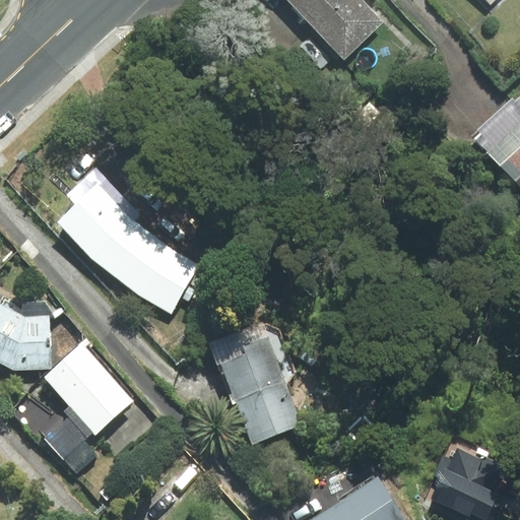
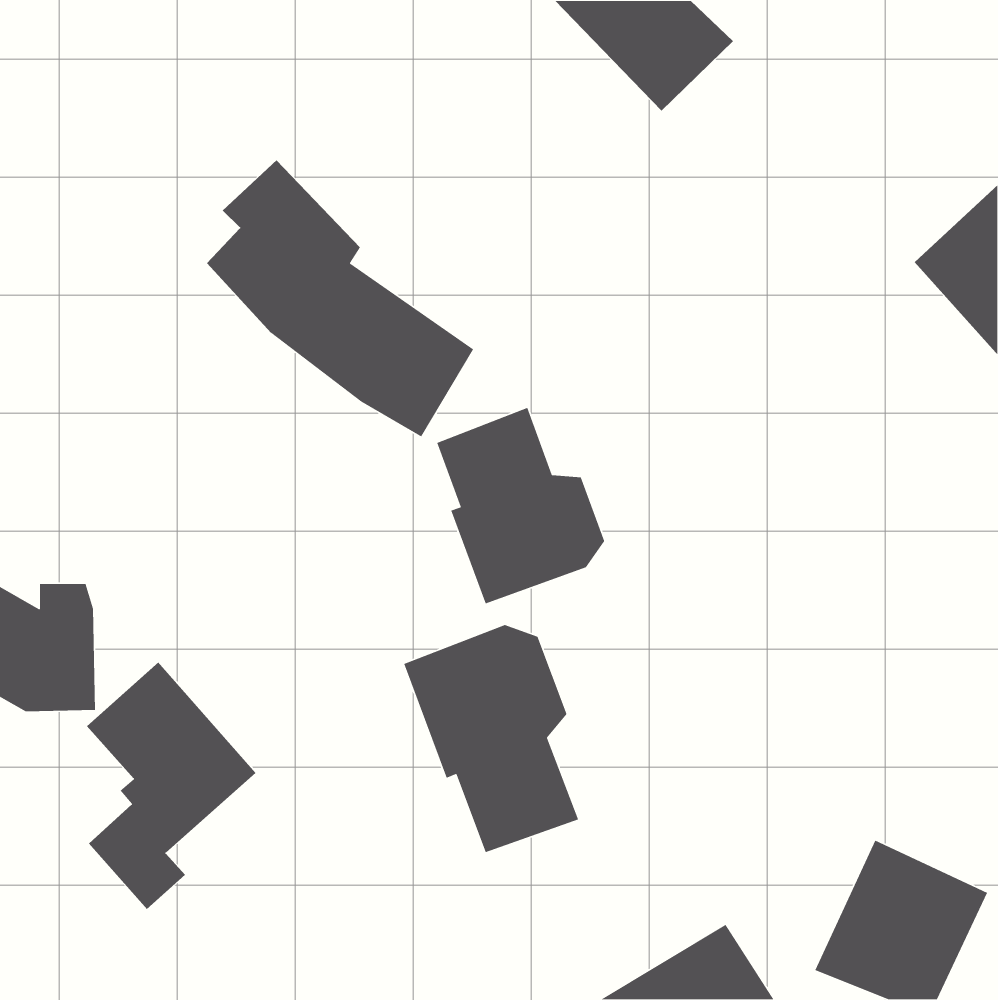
building: [58,169,197,313] -> [206,159,474,437]
building: none -> [436,407,605,605]

